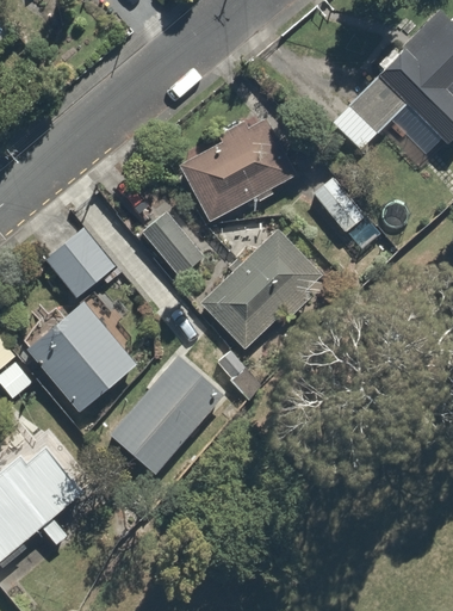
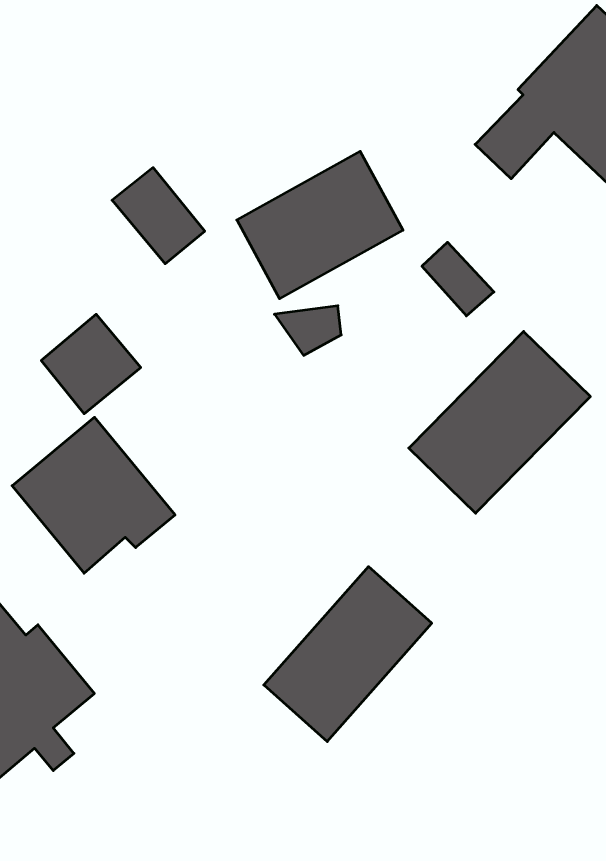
building: [138,209,203,276] -> [112,168,205,264]
building: [199,228,325,354] -> [409,331,590,513]
building: [108,353,225,475] -> [264,567,432,742]

